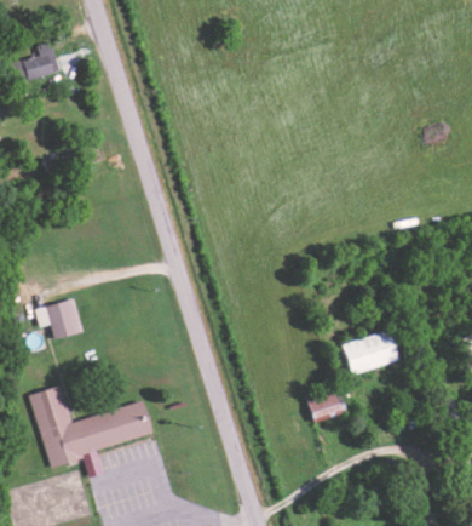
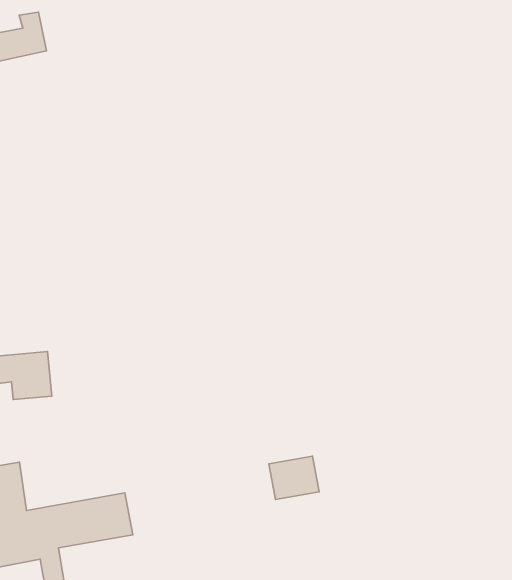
building: [344,330,401,375] -> none
building: [306,387,346,422] -> [269,456,319,499]

